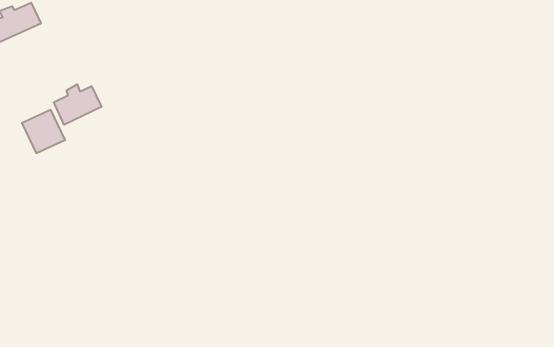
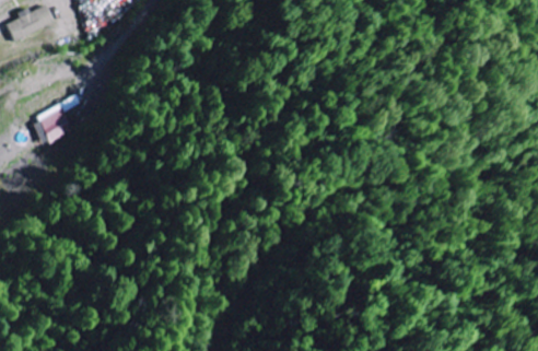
building: [54,84,101,125] -> none

